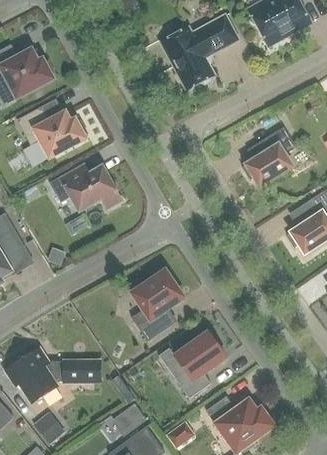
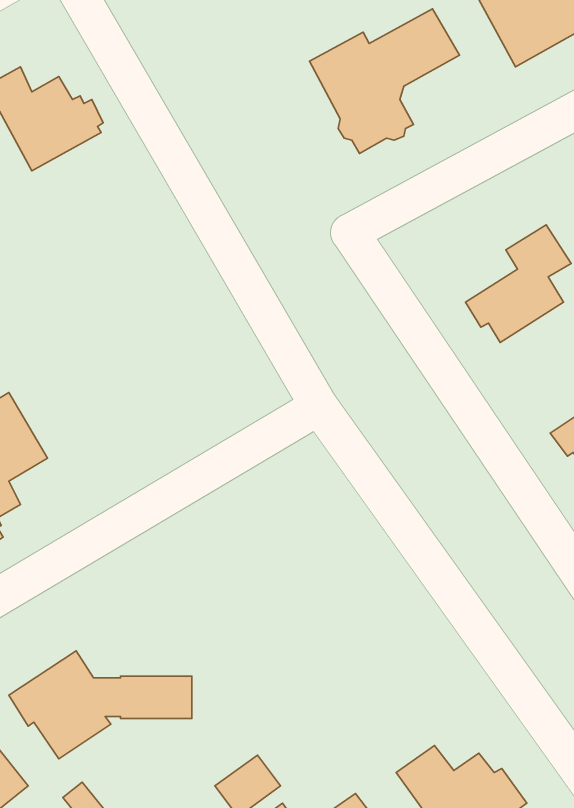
building: [18,106,87,157] -> none
building: [49,166,121,211] -> none
building: [132,271,183,341] -> none
building: [174,332,226,397] -> none

